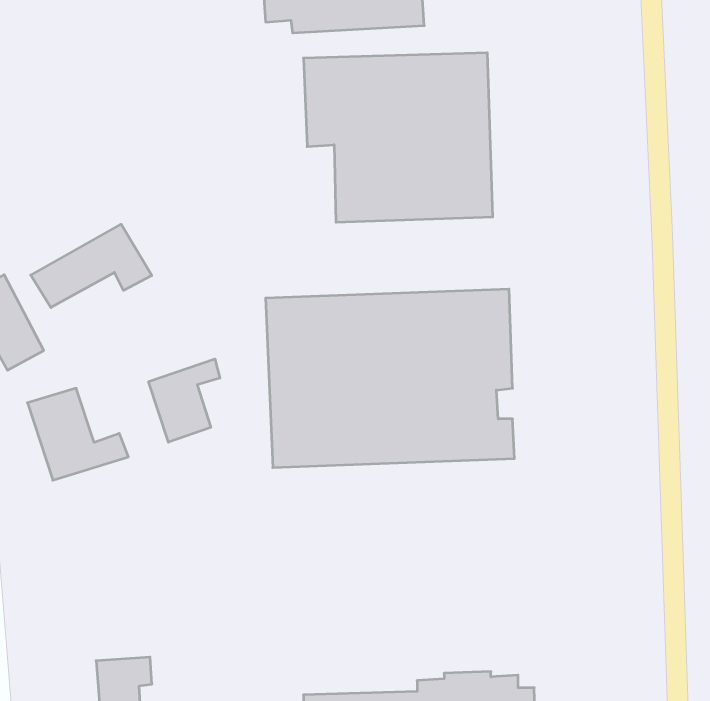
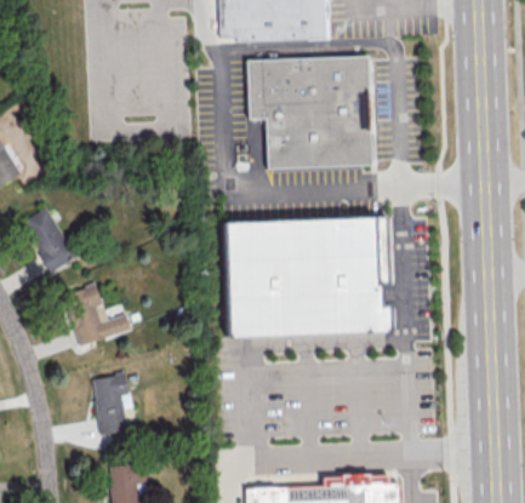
building: [31,224,152,308] -> none
building: [149,359,220,442] -> none
building: none -> [90,371,130,435]

